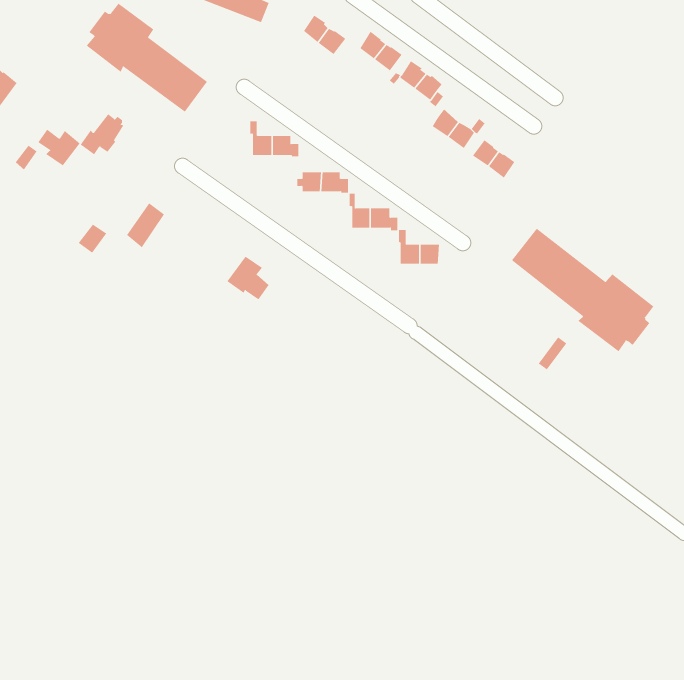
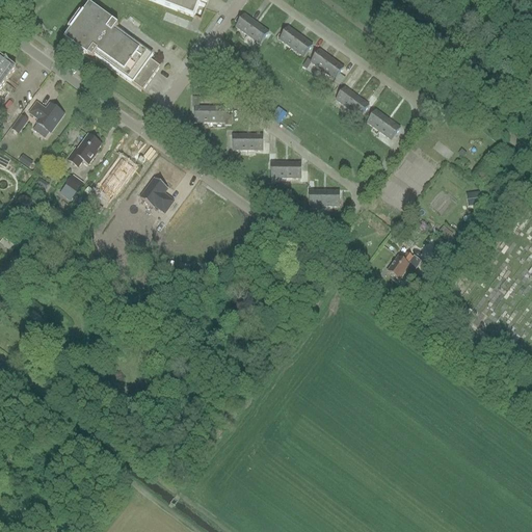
building: [80,114,124,155] -> [65,132,100,164]
building: [511,228,654,352] -> none
building: [227,256,269,300] -> [139,177,172,211]
building: none -> [389,250,421,277]

